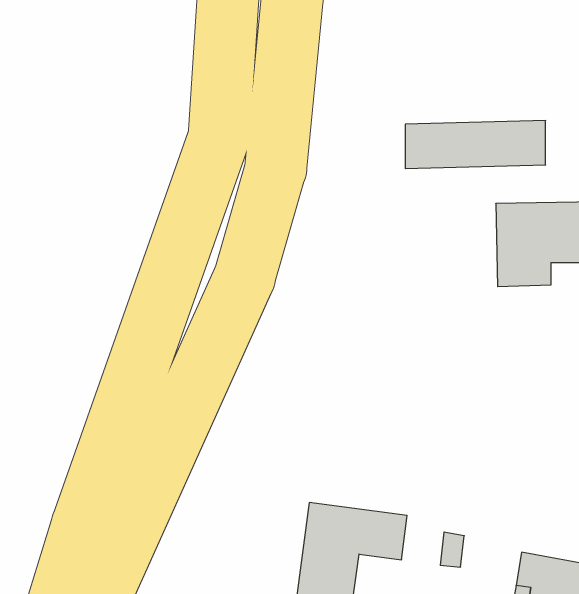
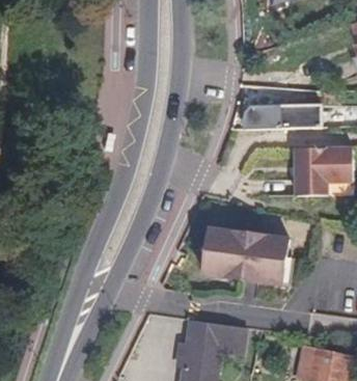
building: none -> [201,228,285,285]

